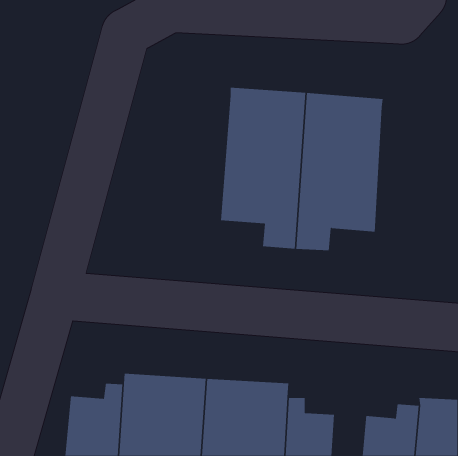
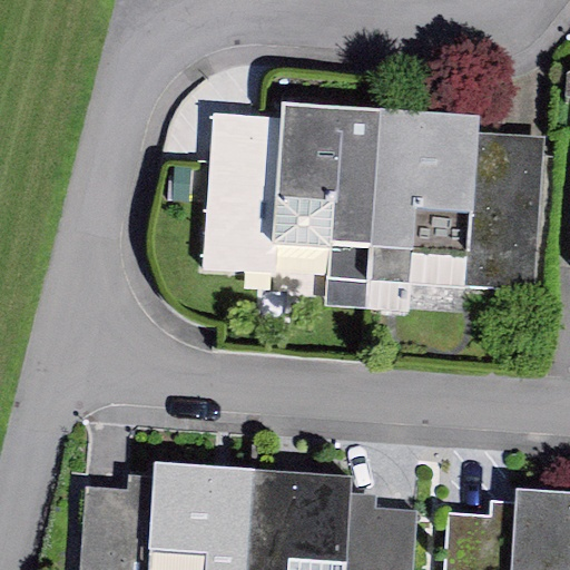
building: none -> [203,112,285,273]
building: none -> [465,132,544,291]

